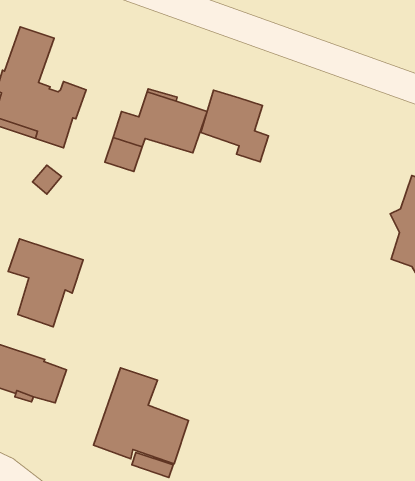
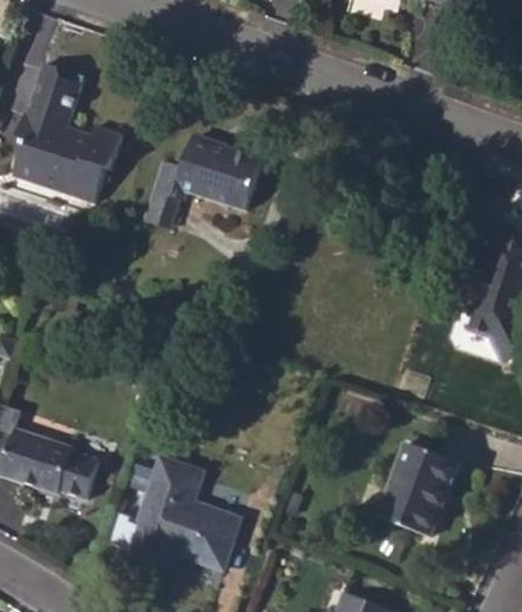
building: [201,90,269,162] -> none
building: [8,239,83,327] -> none
building: none -> [377,441,457,536]

